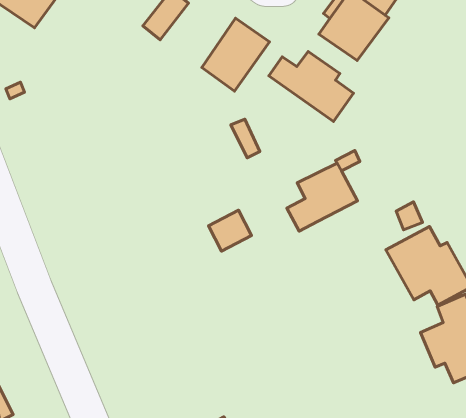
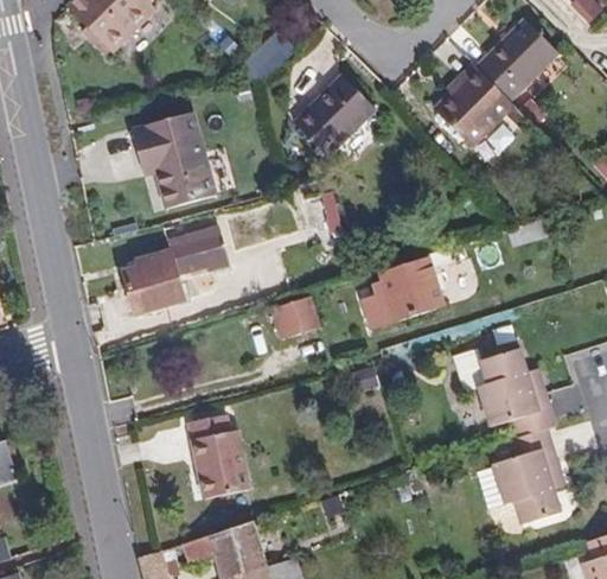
building: [269,52,353,122] -> none
building: none -> [132,112,217,210]
building: none -> [122,228,229,314]
building: none -> [187,413,249,497]

